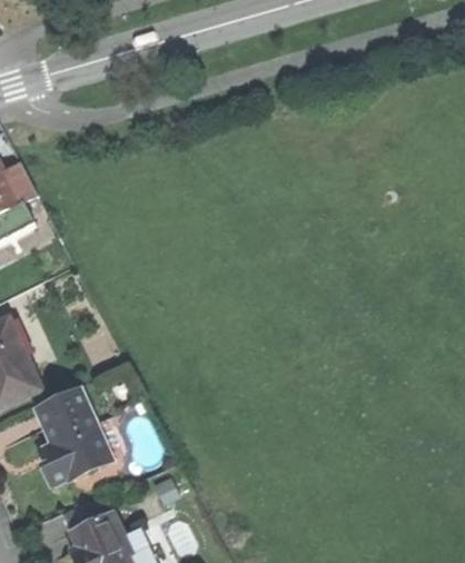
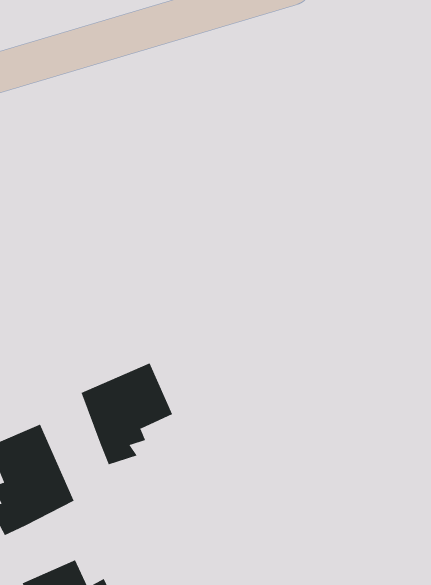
building: none -> [81,362,173,465]

